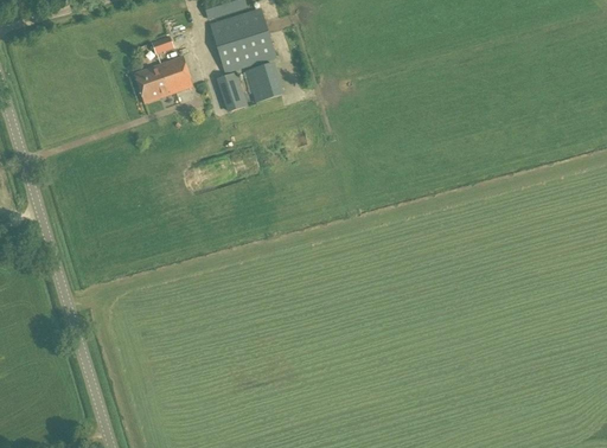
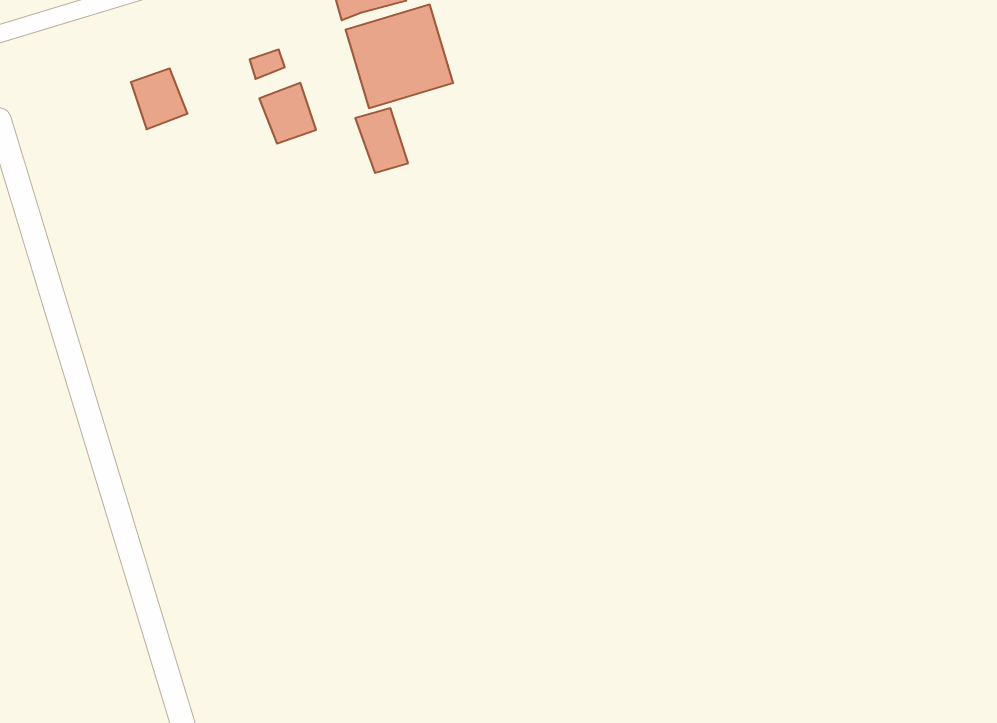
building: [245,62,282,102] -> none
building: [134,65,168,102] -> [131,69,188,129]

